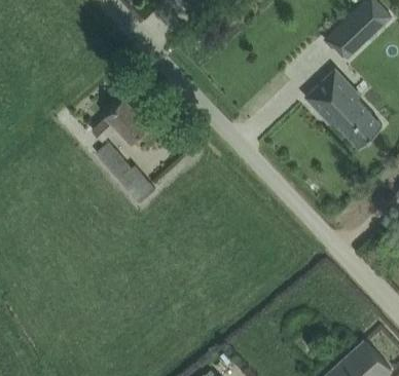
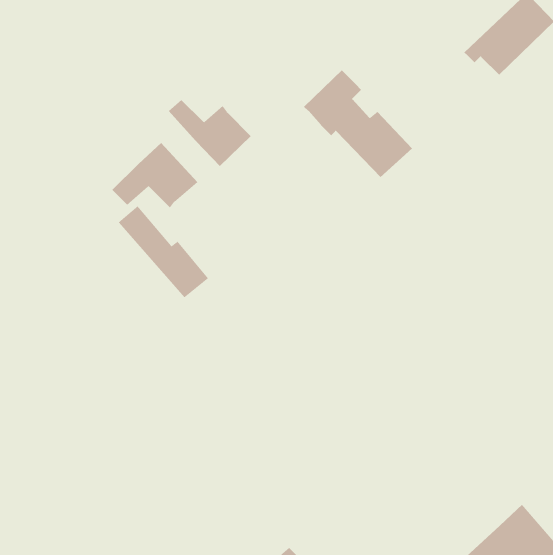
building: none -> [168,99,252,167]
building: [306,73,379,145] -> [303,70,413,178]

